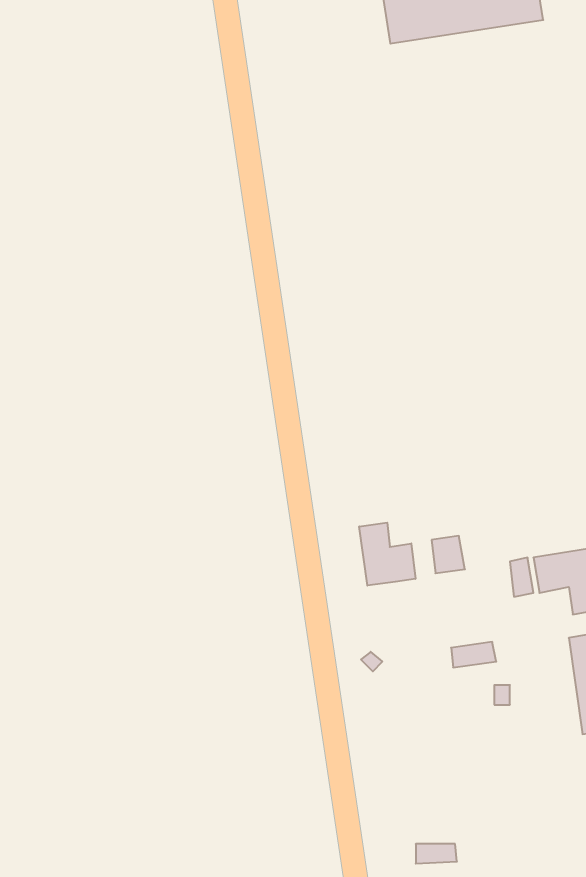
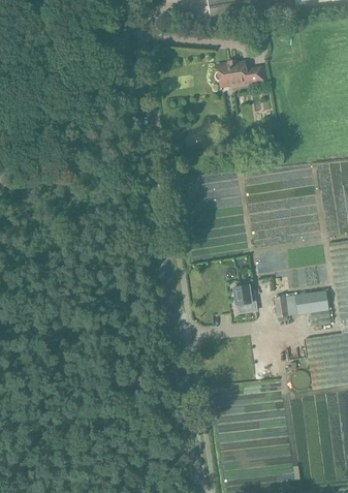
building: none -> [218,60,265,83]
building: [359,523,415,586] -> none

